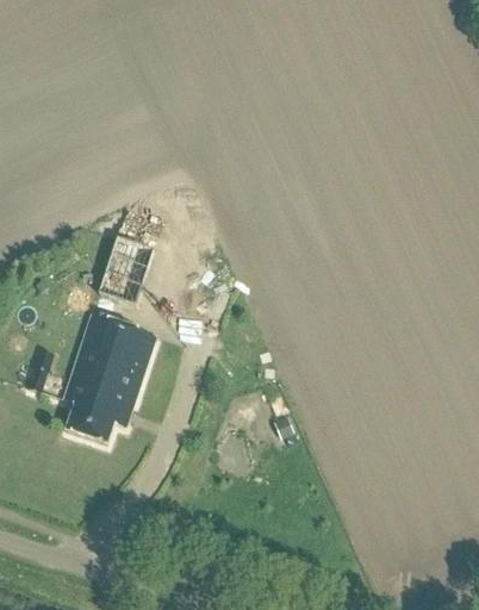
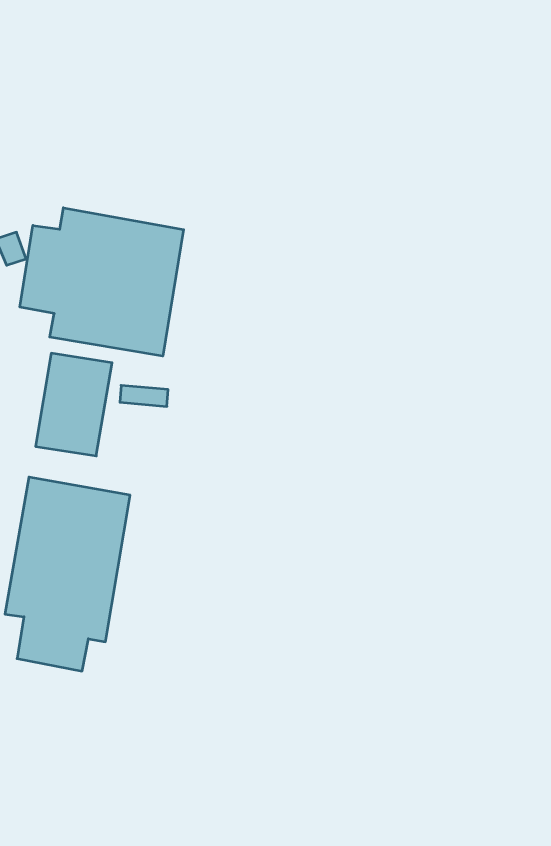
building: none -> [20,208,184,356]

